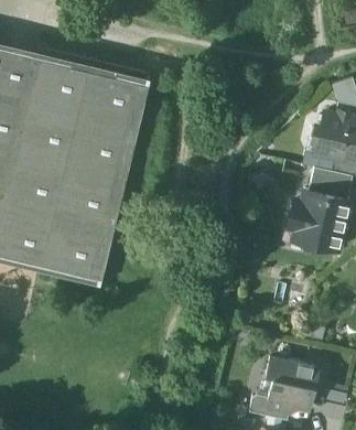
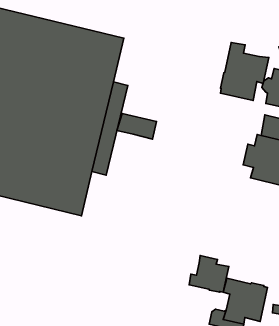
building: none -> [220,43,269,100]
building: none -> [117,113,157,139]
building: none -> [189,256,229,292]

